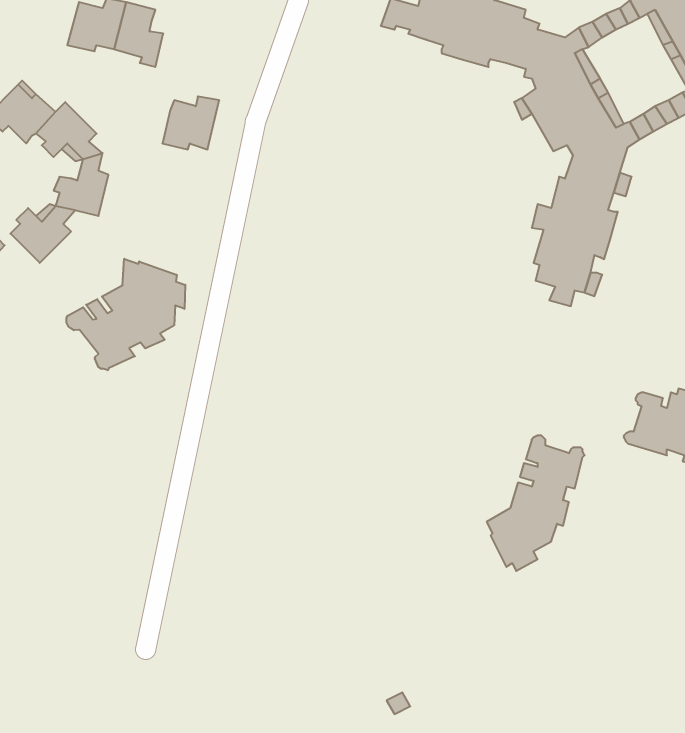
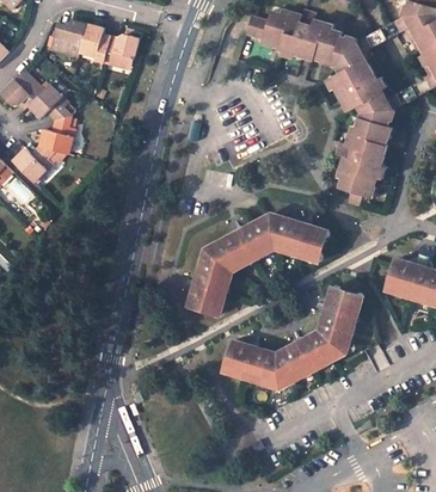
building: [162,96,219,149] -> [103,33,137,66]
building: [66,259,185,370] -> none
building: none -> [189,217,330,316]
building: none -> [222,340,317,387]

